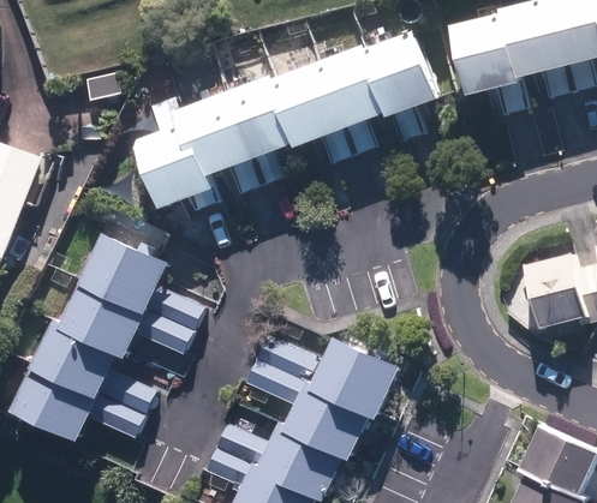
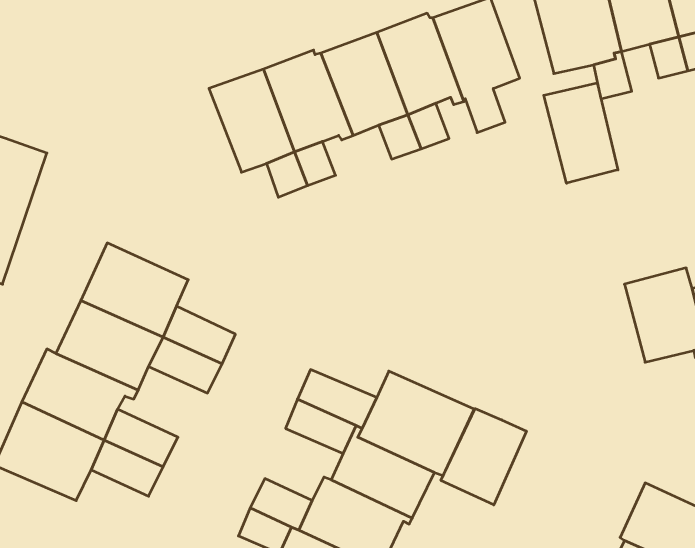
building: [131,97,219,211] -> none
building: none -> [544,83,618,183]
building: none -> [441,409,526,505]

